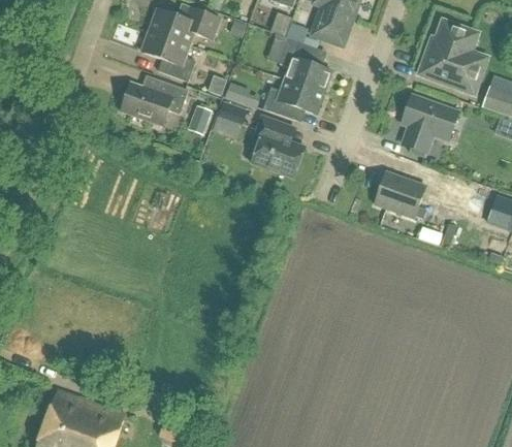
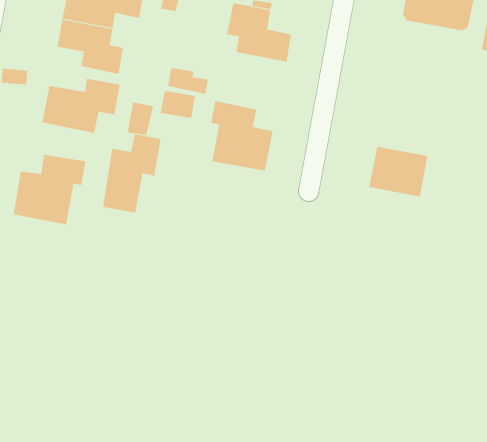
building: [262,77,324,119] -> none
building: [395,93,453,151] -> none
building: none -> [102,134,161,213]
building: none -> [13,154,86,225]

